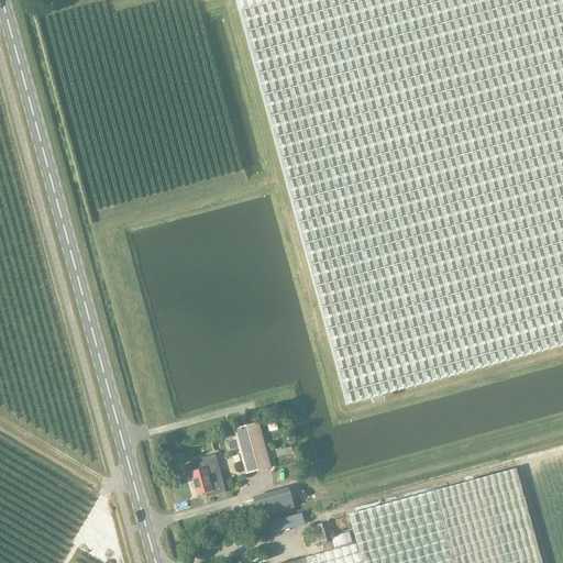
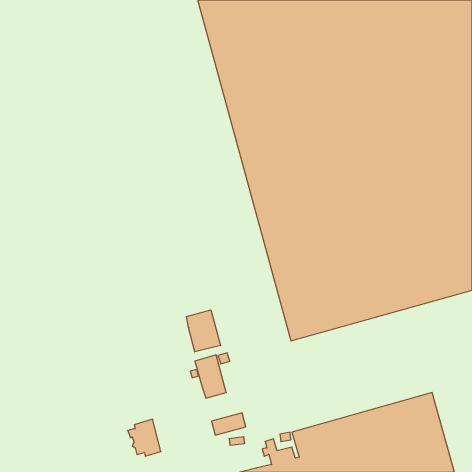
building: none -> [186,310,221,352]
building: [185,454,224,498] -> [128,419,161,456]

